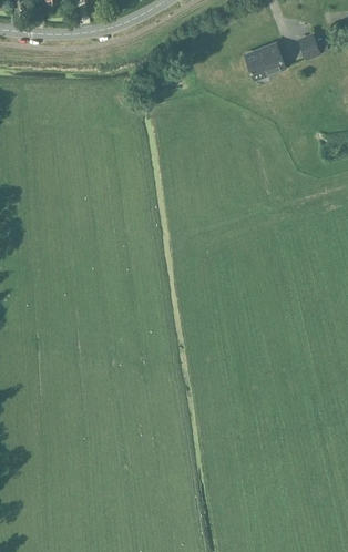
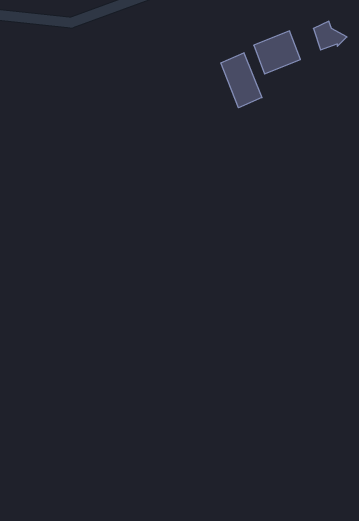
building: none -> [221,53,262,108]

